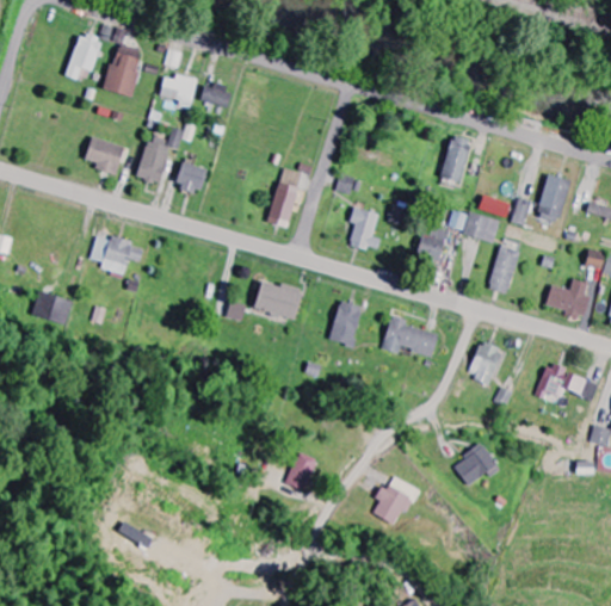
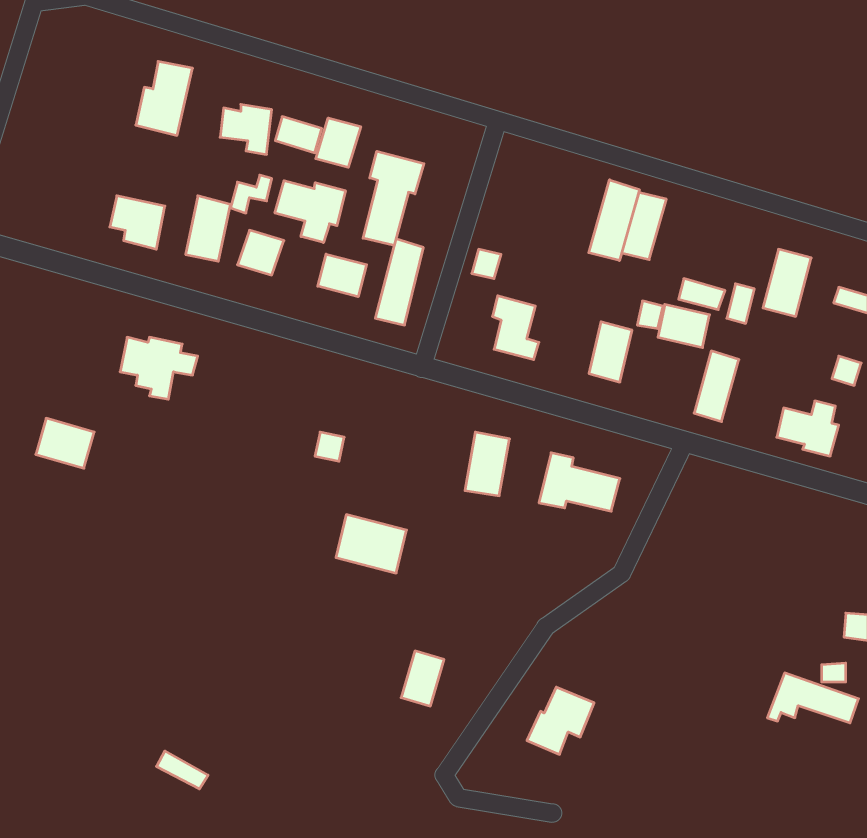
building: [64,32,103,79] -> none
building: none -> [316,118,361,167]
building: none -> [363,151,424,246]
building: none -> [589,180,639,261]
building: none -> [275,181,345,243]
building: none -> [318,254,367,297]
building: [253,279,302,320] -> [336,515,407,573]
building: [468,341,502,383] -> none
building: [537,364,600,398] -> [767,673,859,723]
building: [453,444,500,486] -> none

